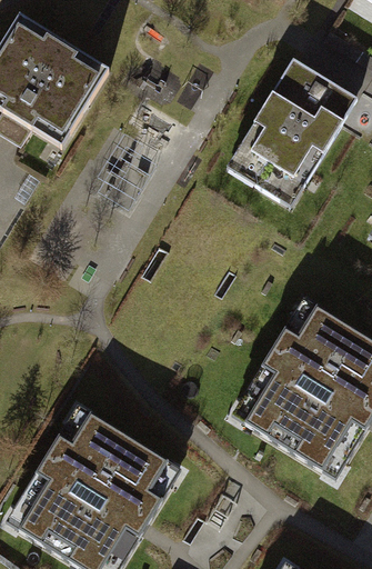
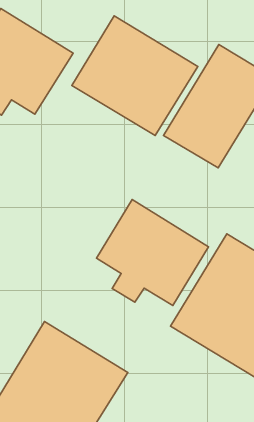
building: none -> [72,16,198,135]
building: none -> [97,200,208,305]

